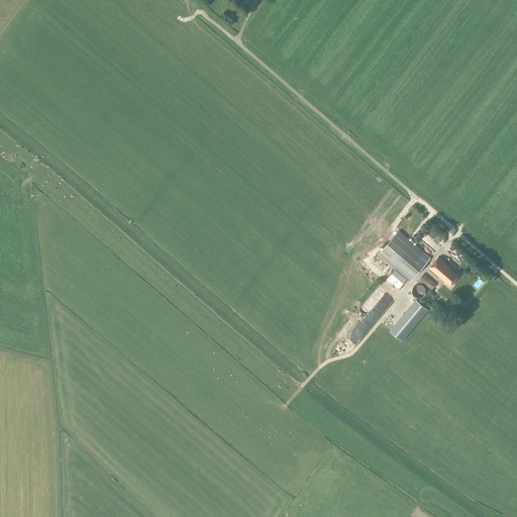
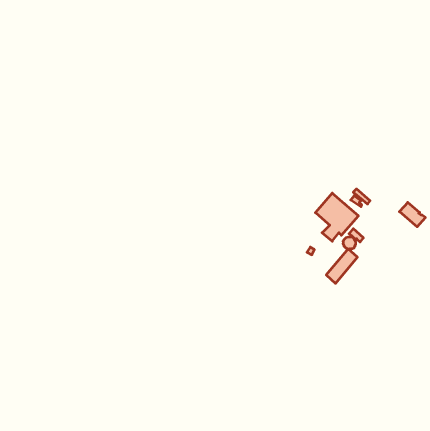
building: [429,256,460,286] -> [399,202,425,227]

